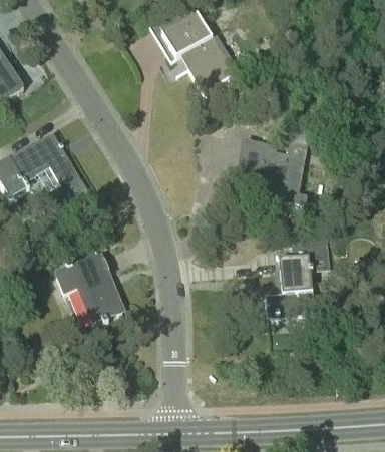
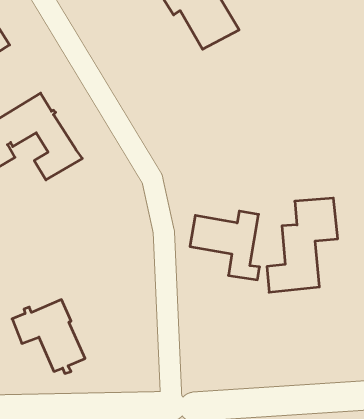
building: [241,141,306,205] -> [190,211,260,280]
building: [52,254,120,323] -> [12,300,85,373]

